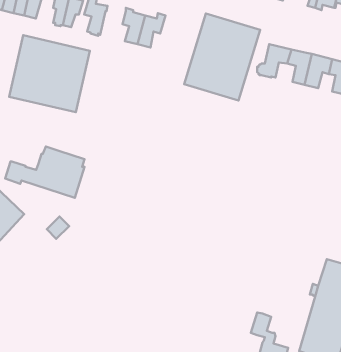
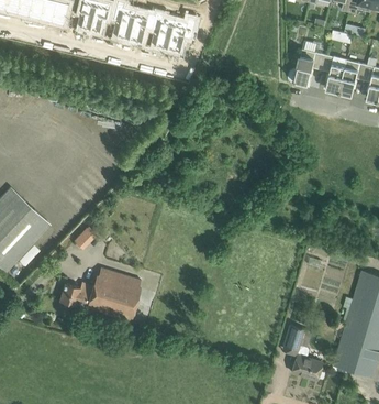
building: none -> [129,13,155,43]
building: [184,14,260,100] -> none
building: [9,35,90,112] -> none
building: [5,146,84,198] -> [59,267,141,320]

